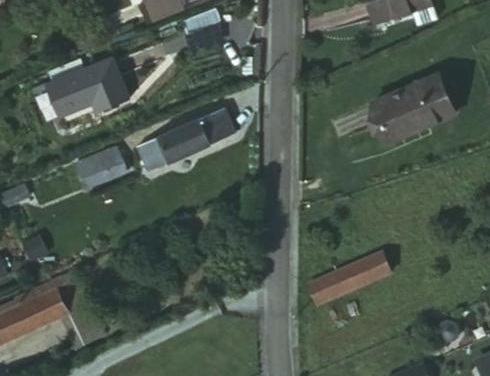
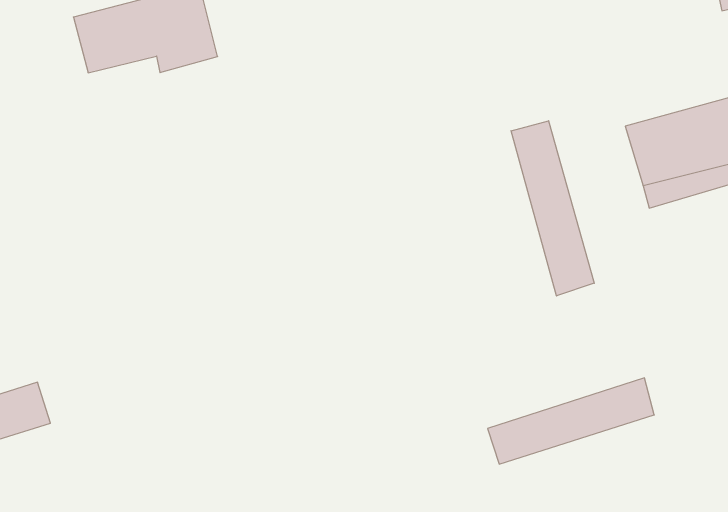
building: none -> [511,121,594,296]
building: [131,110,231,174] -> none
building: [76,144,131,190] -> none

